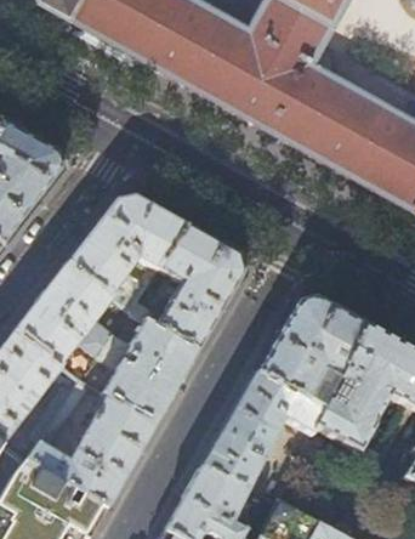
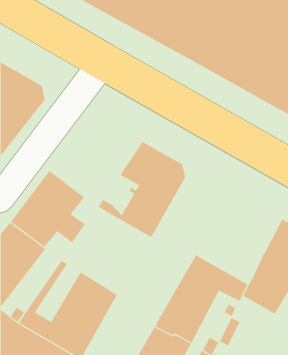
building: [67,194,187,310] -> none
building: [256,295,368,410] -> none
building: [97,319,199,424] -> none

